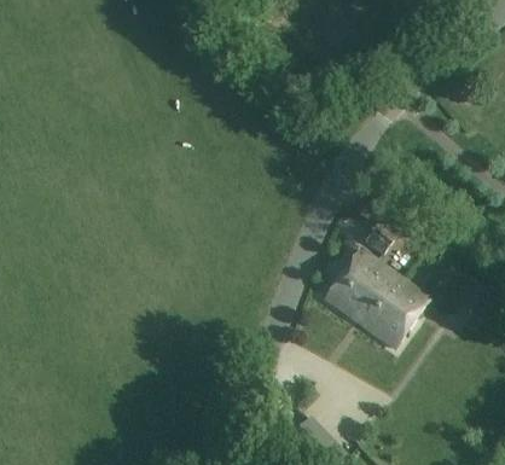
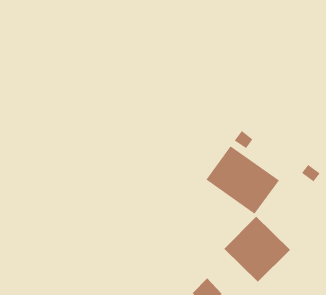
building: none -> [223,216,291,283]

